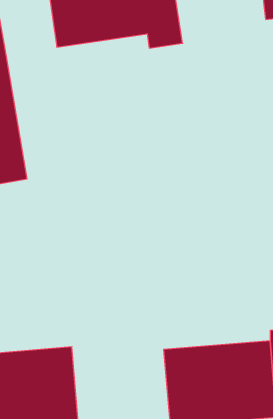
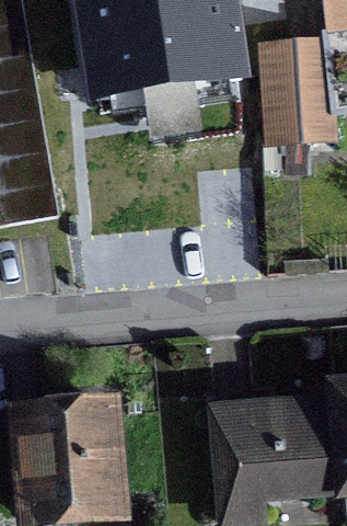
building: none -> [258,43,333,145]

